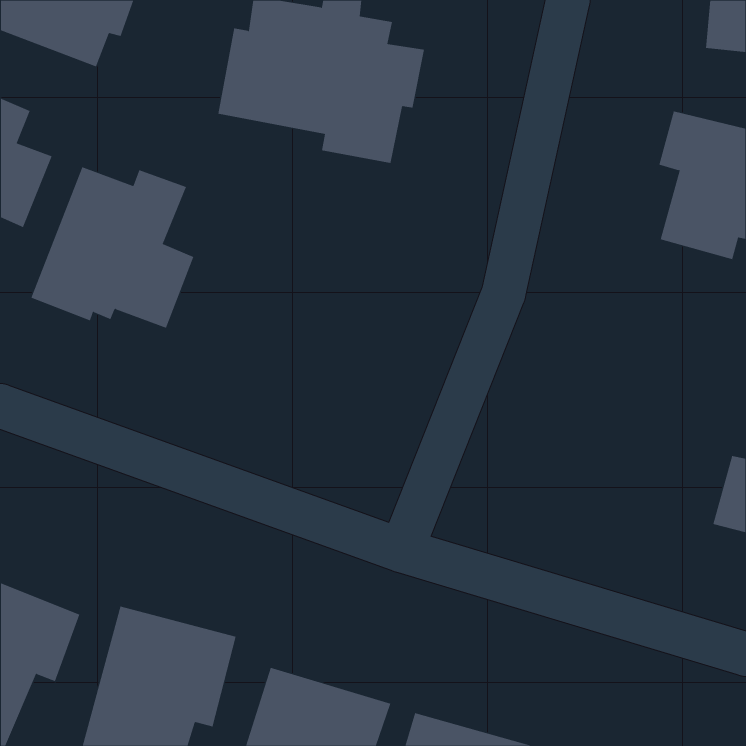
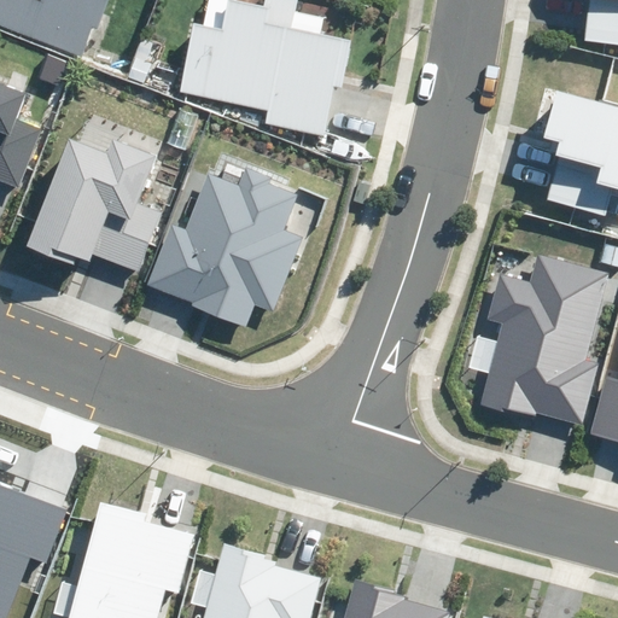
building: none -> [148,168,303,325]
building: none -> [482,255,610,425]

